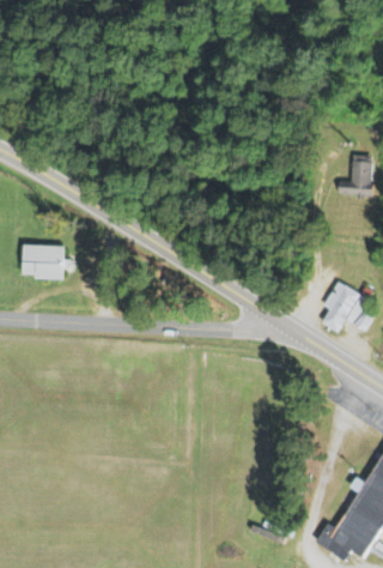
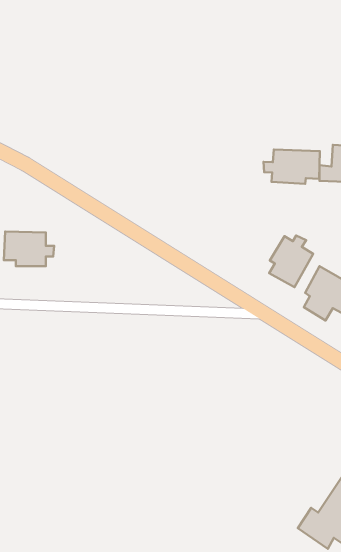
building: none -> [263,150,320,184]
building: none -> [269,235,313,287]

